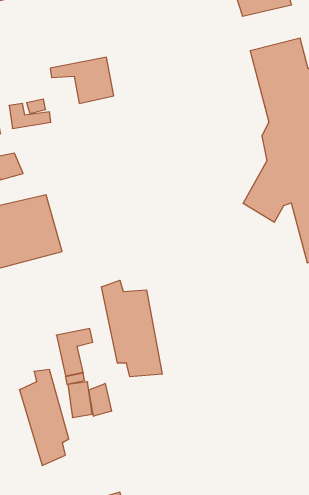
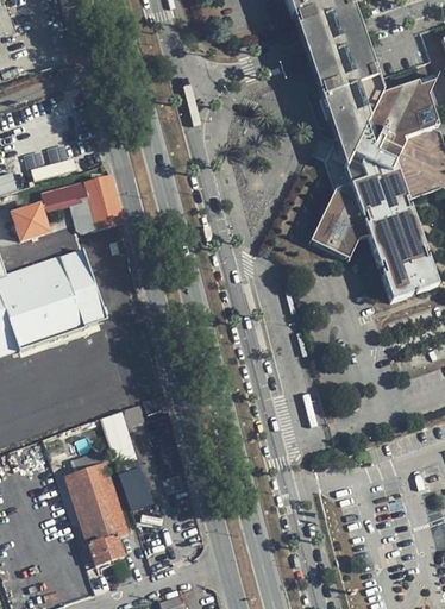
building: none -> [293,7,362,64]
building: [50,57,114,103] -> [46,176,123,232]
building: [101,280,162,377] -> none
building: [89,383,112,416] -> none

